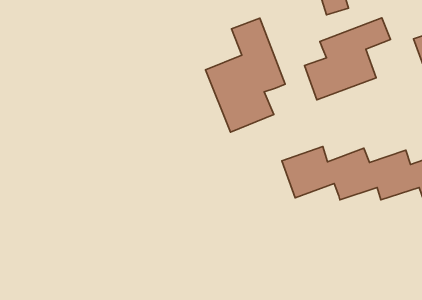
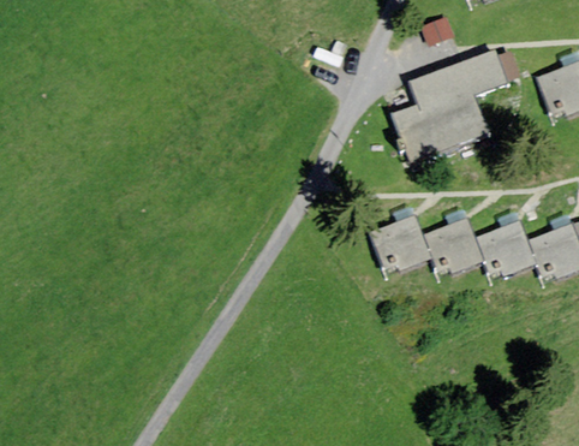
building: [205,18,285,132] -> none

